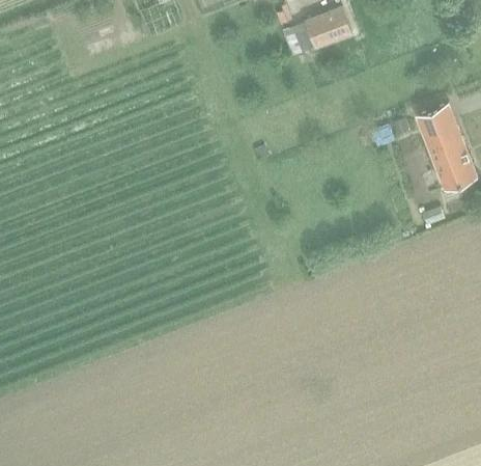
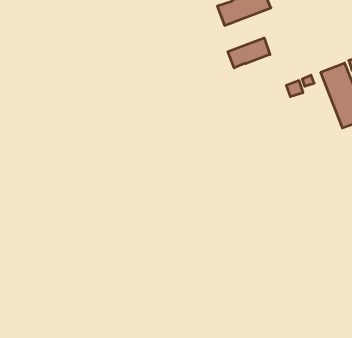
building: none -> [228,38,270,68]

